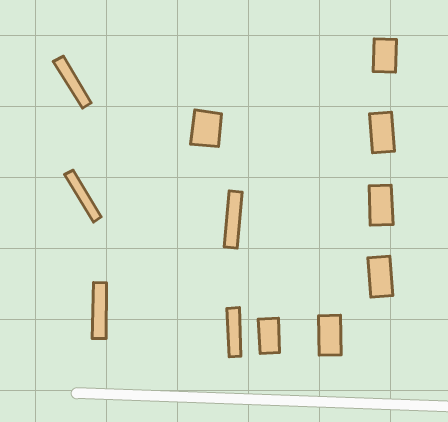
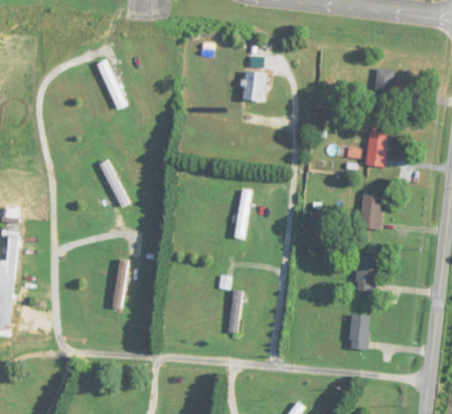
building: [190,110,222,146] -> [240,69,269,102]
building: [318,315,341,355] -> [348,315,369,350]
building: [258,318,280,354] -> none

